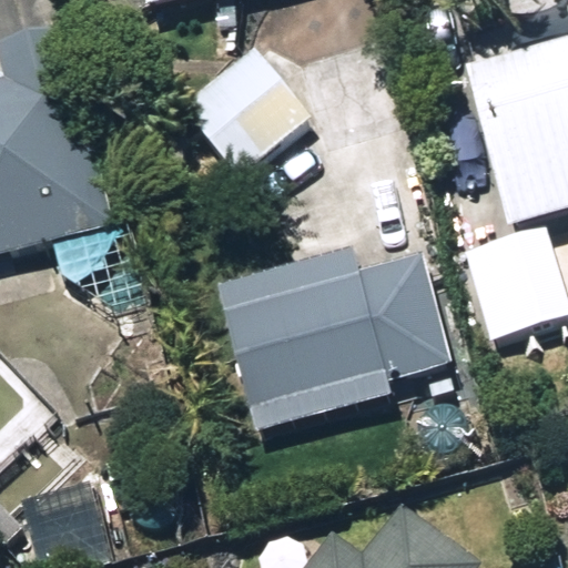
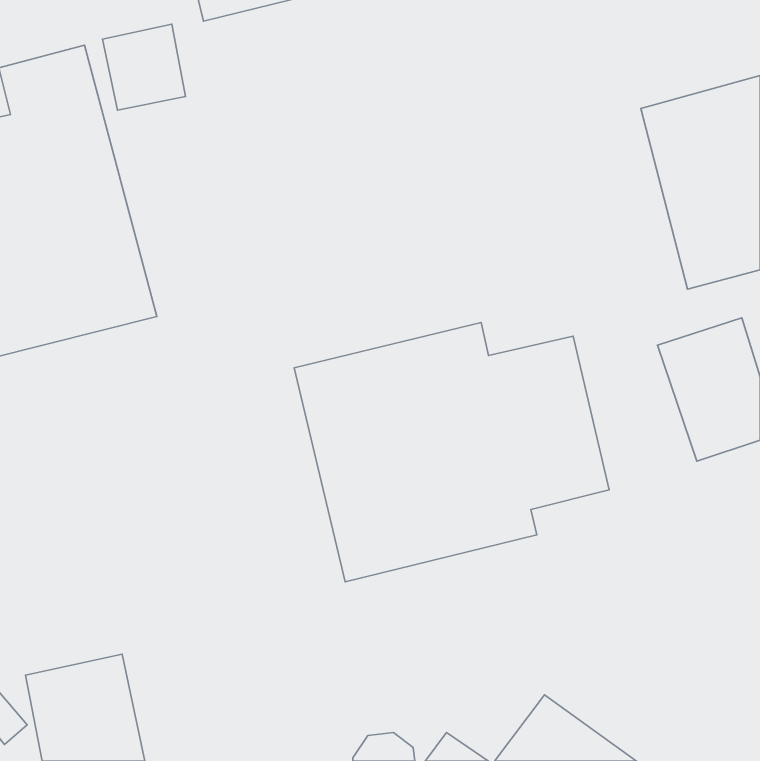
building: [176,53,300,176] -> none

